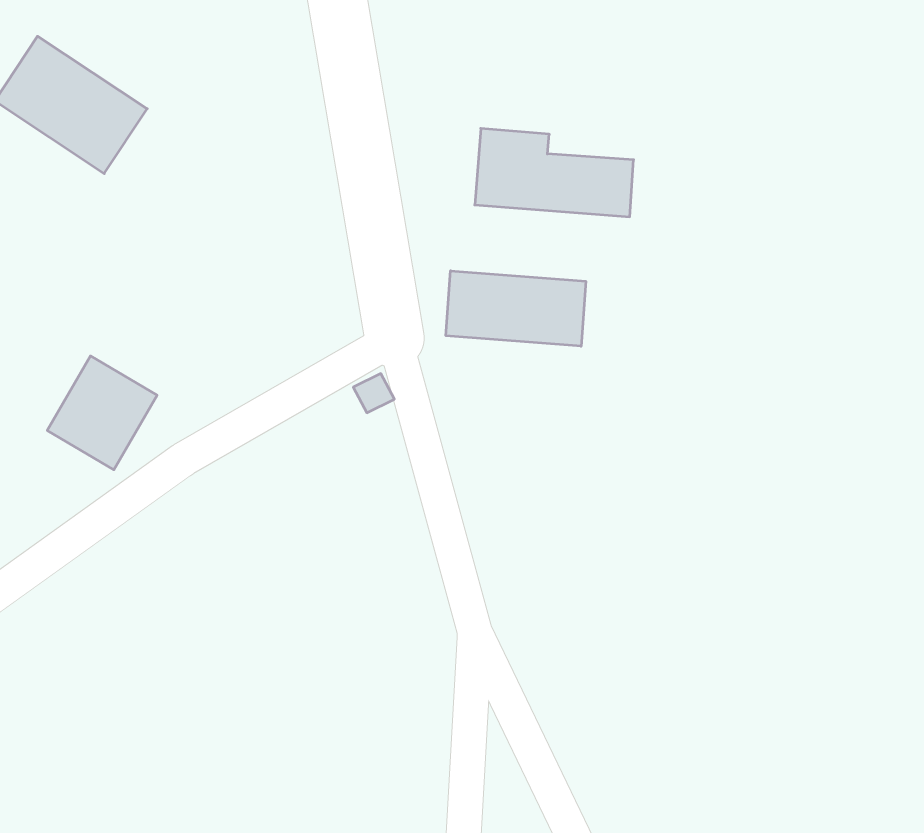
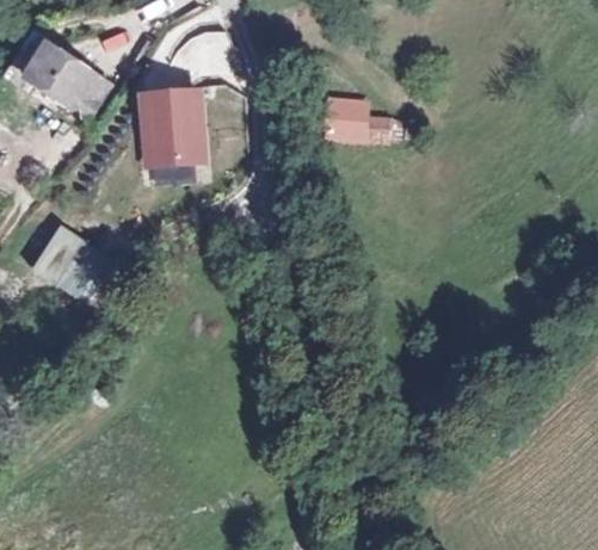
building: none -> [136,86,208,167]
building: [446,271,586,346] -> none

